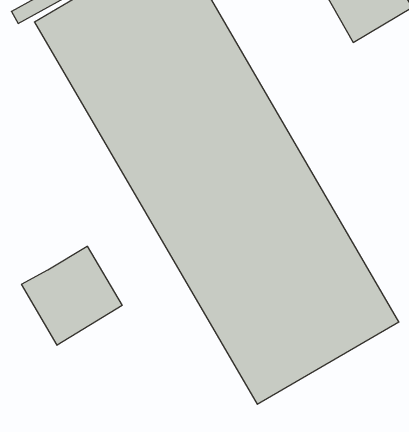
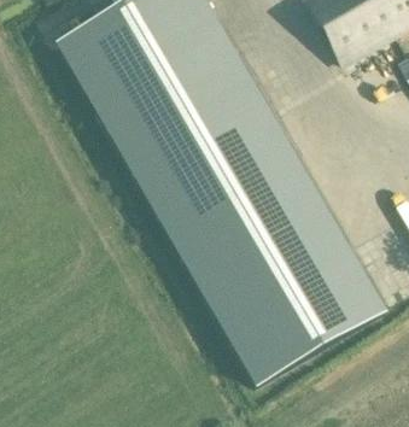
building: [22,246,122,345] -> none

